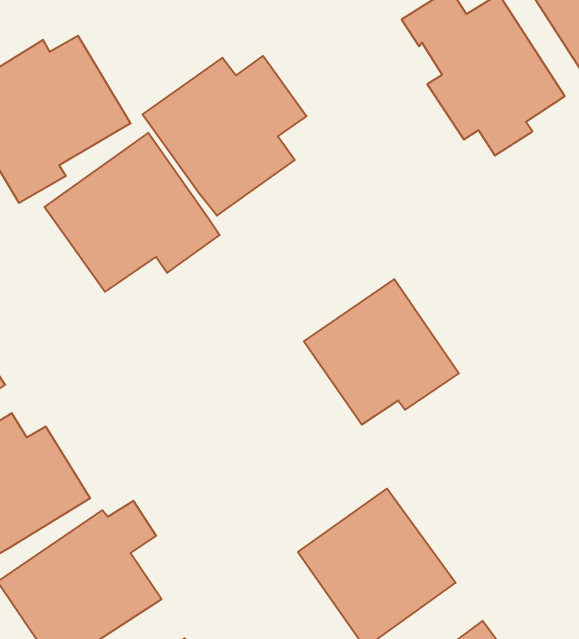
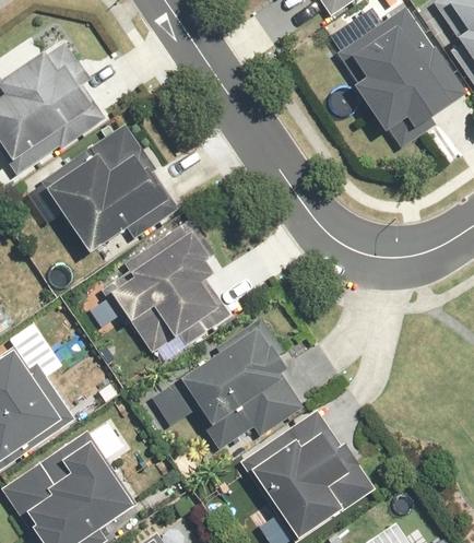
building: [143,56,307,216] -> none
building: none -> [107,219,218,334]
building: [304,279,459,425] -> [178,327,304,445]

